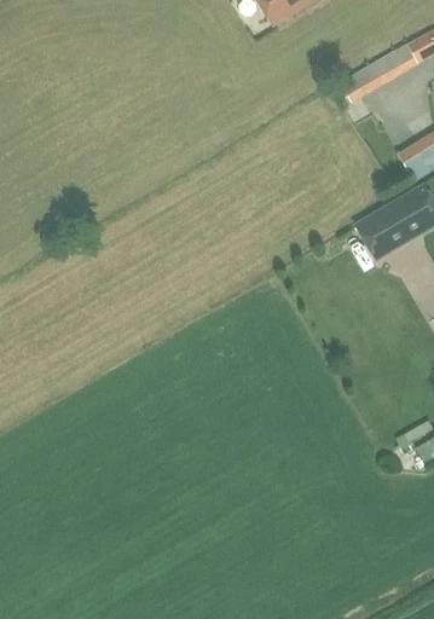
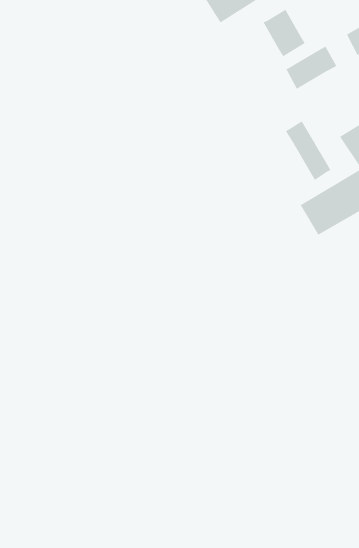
building: none -> [263,9,306,57]
building: none -> [285,120,331,181]

